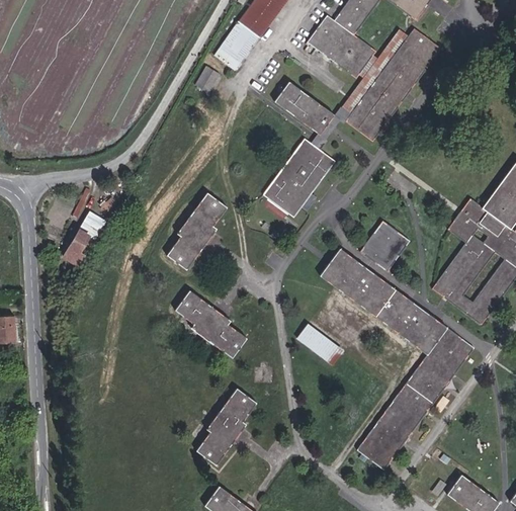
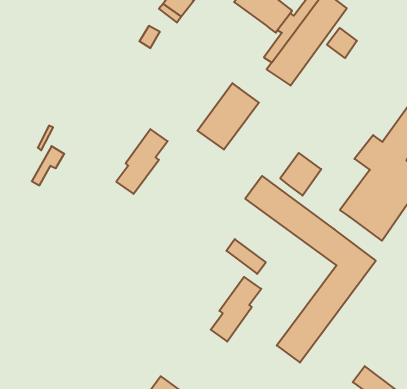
building: none -> [327,28,357,58]
building: [274,82,333,135] -> none
building: [175,290,247,357] -> none
building: [196,388,256,464] -> [211,277,261,342]

